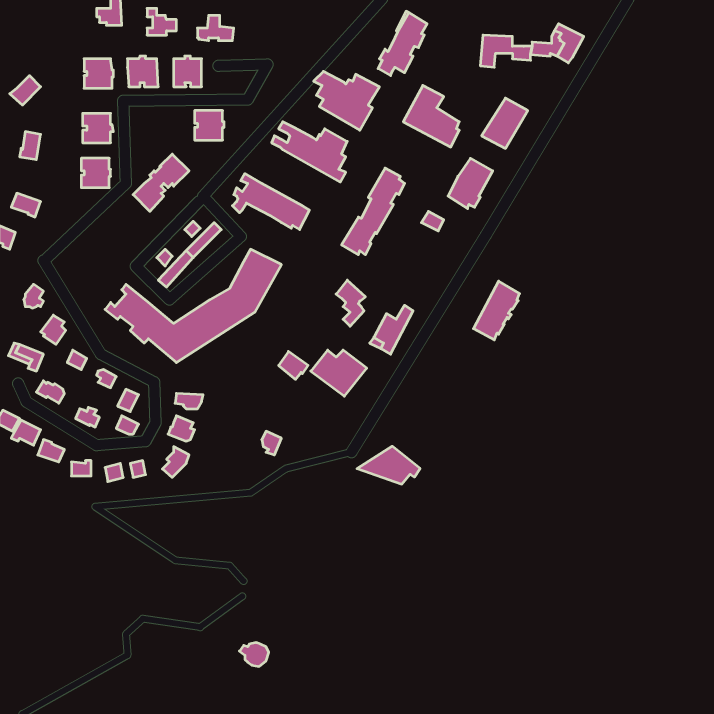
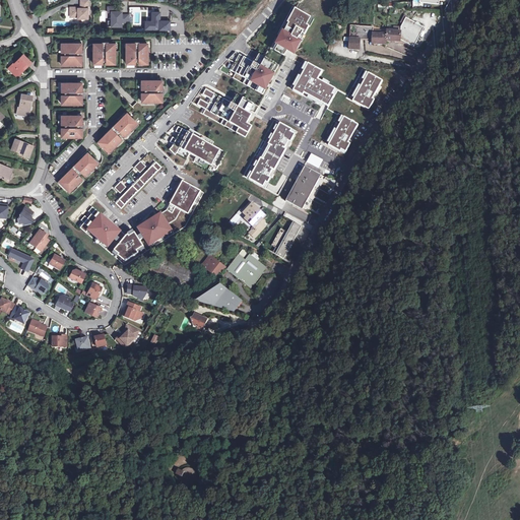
building: none -> [58,151,99,192]
building: [473,281,520,340] -> [285,166,319,208]
building: [357,446,420,484] -> [195,283,241,311]

